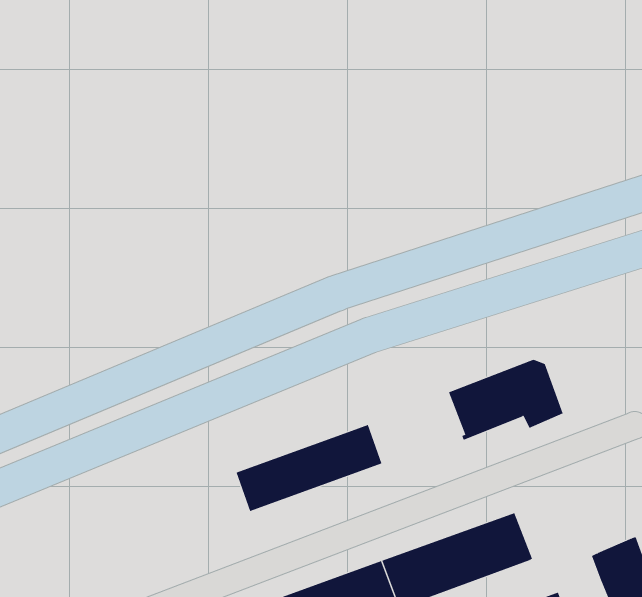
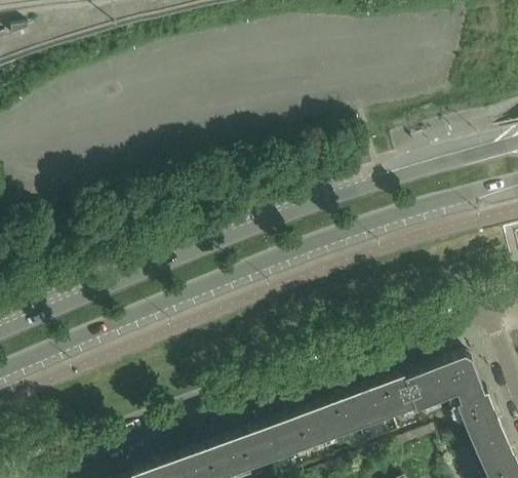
building: [448,359,564,440] -> [405,357,484,412]
building: [236,424,382,512] -> none

